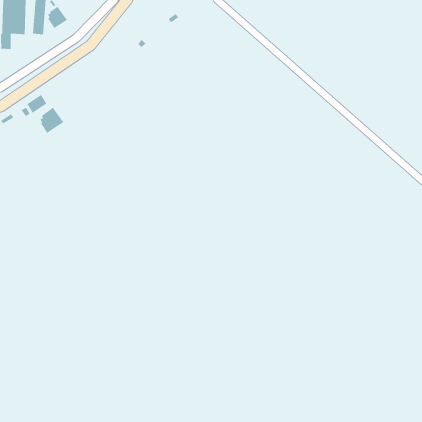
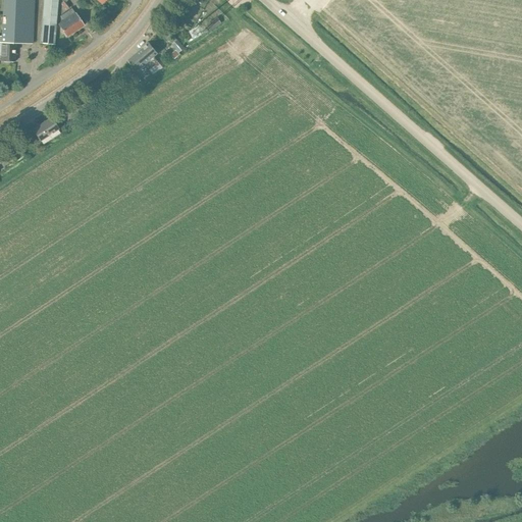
building: none -> [129,42,159,74]
building: [39,107,64,134] -> none

